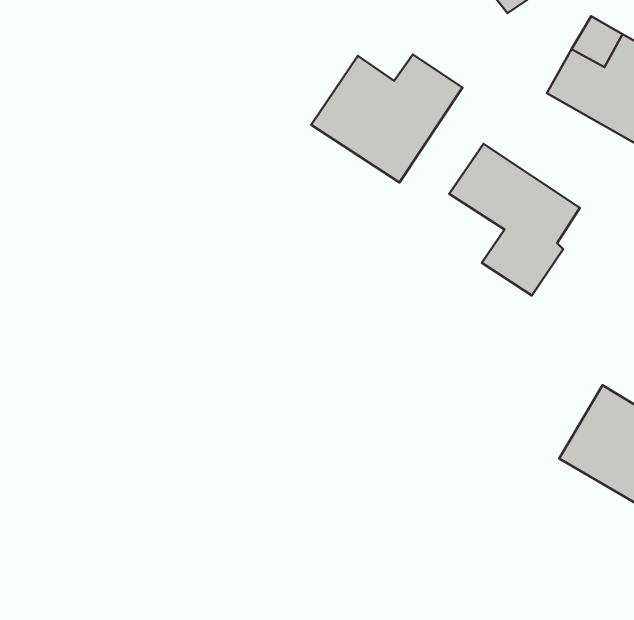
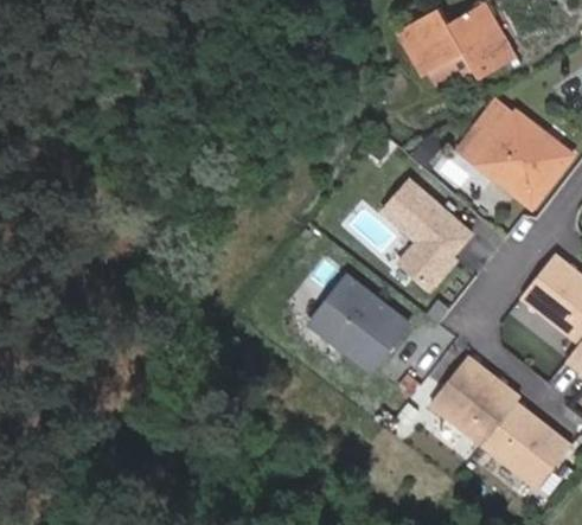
building: [311,54,463,182] -> none
building: none -> [315,276,411,369]

